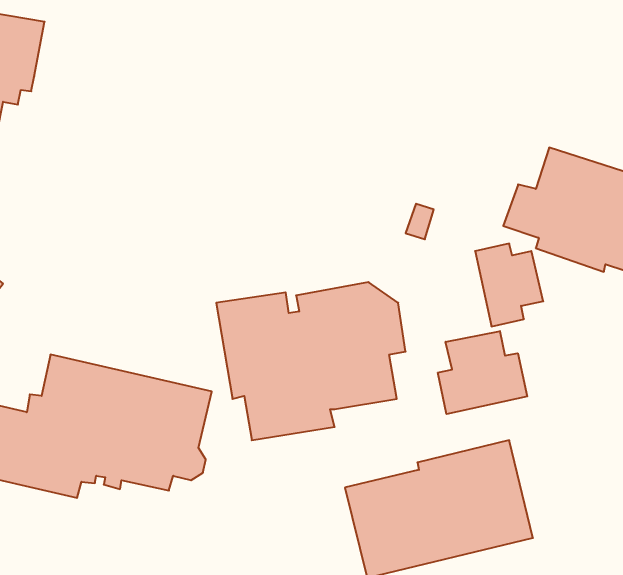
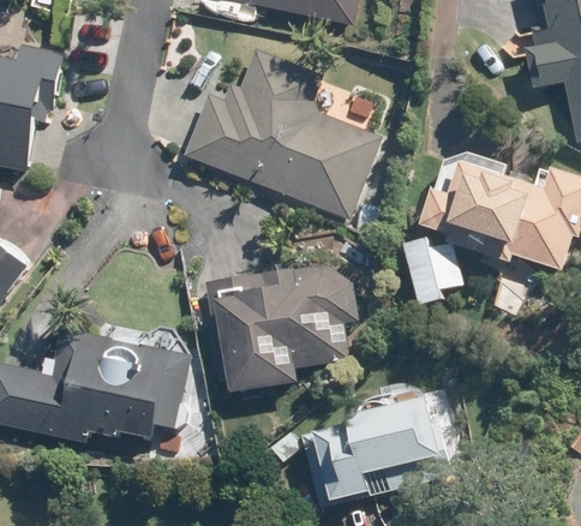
building: none -> [184,48,379,217]
building: [438,331,527,414] -> none

